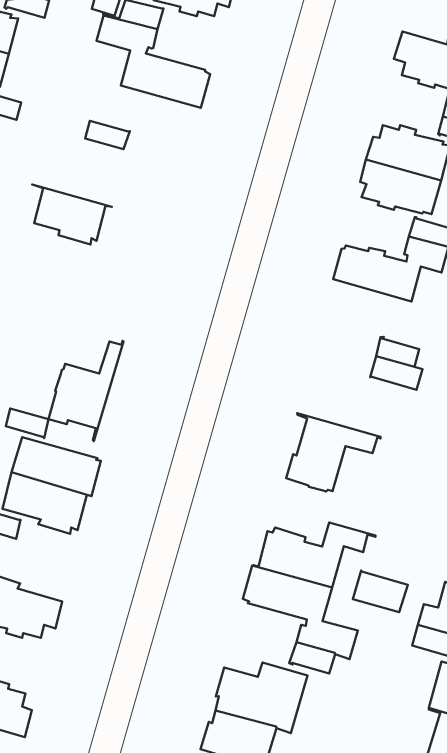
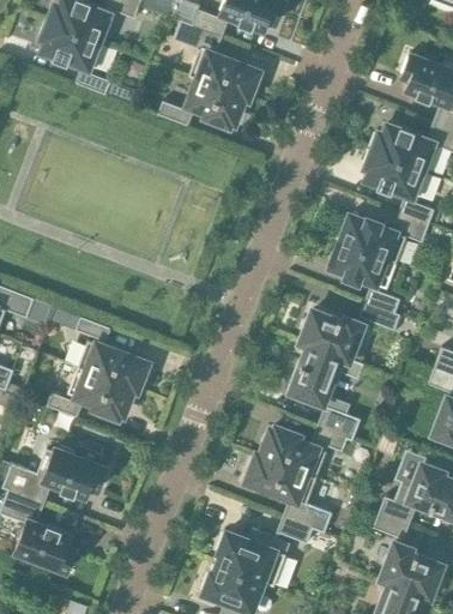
building: [32,185,112,245] -> [187,76,248,126]
building: none -> [328,240,397,288]
building: [49,341,123,441] -> none
building: none -> [301,311,363,365]
building: [353,570,408,612] -> [318,405,361,440]

